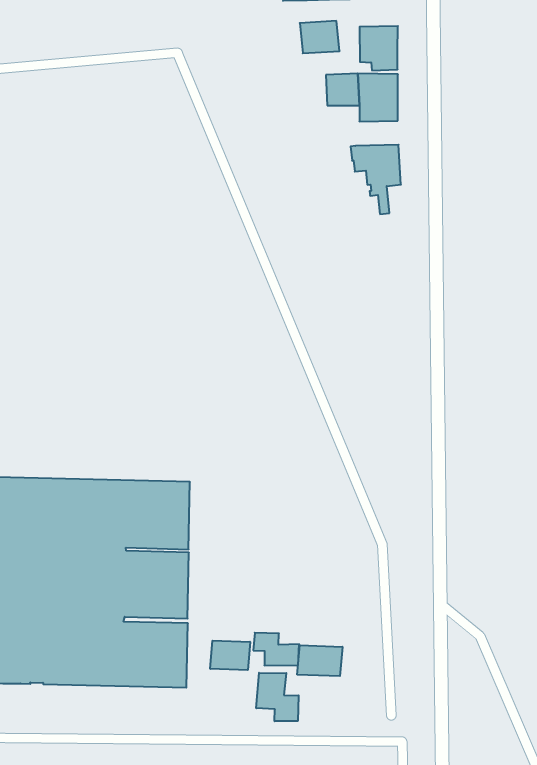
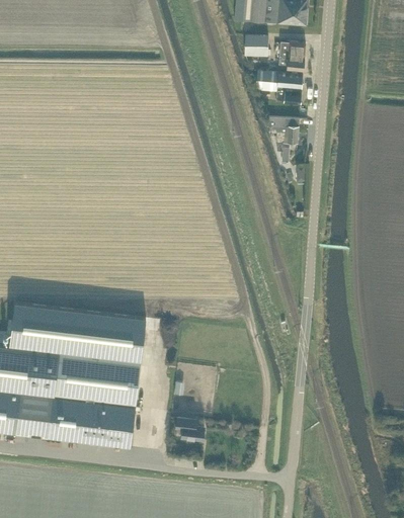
building: [210,641,250,670] -> none
building: [297,645,342,676] -> none
building: [256,673,299,721] -> none

